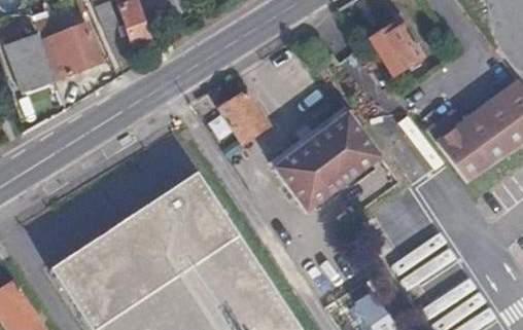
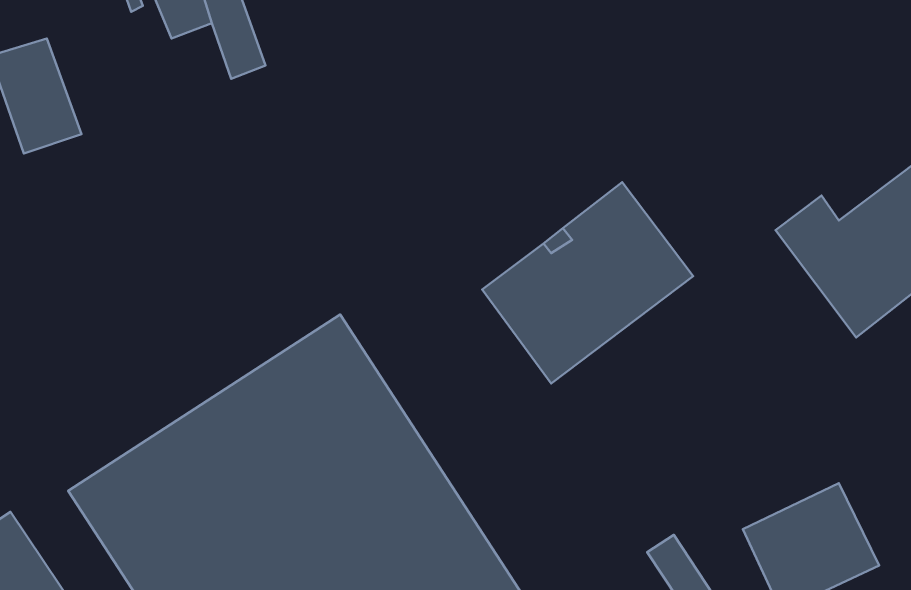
building: [34,15,102,77] -> none
building: [371,16,424,72] -> none
building: [221,89,272,141] -> none

